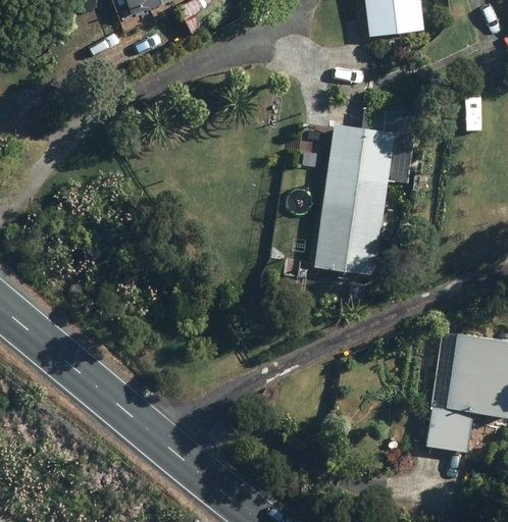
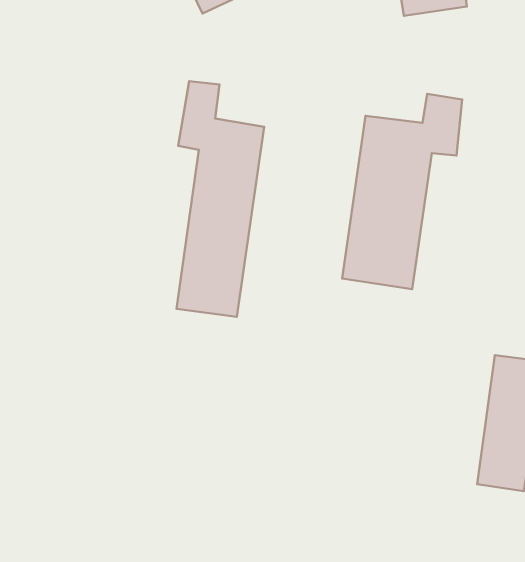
building: none -> [176,81,264,317]

